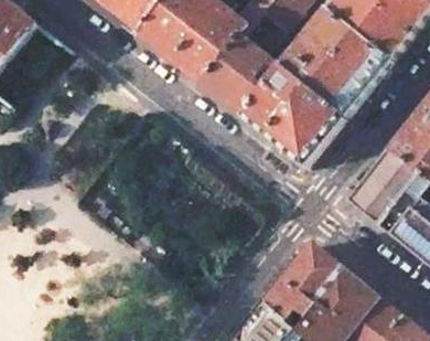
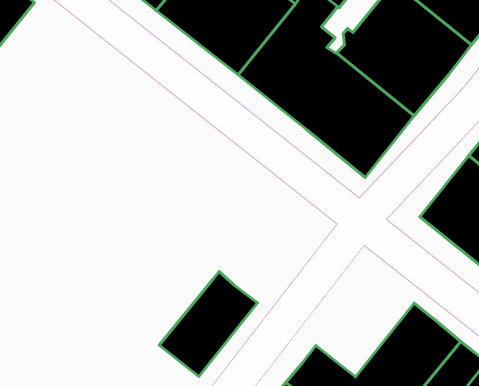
building: [262,241,342,326] -> [159,271,257,377]

